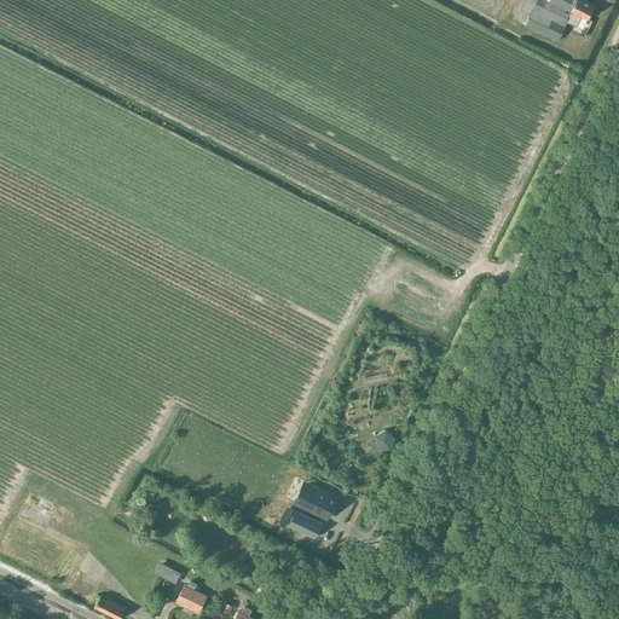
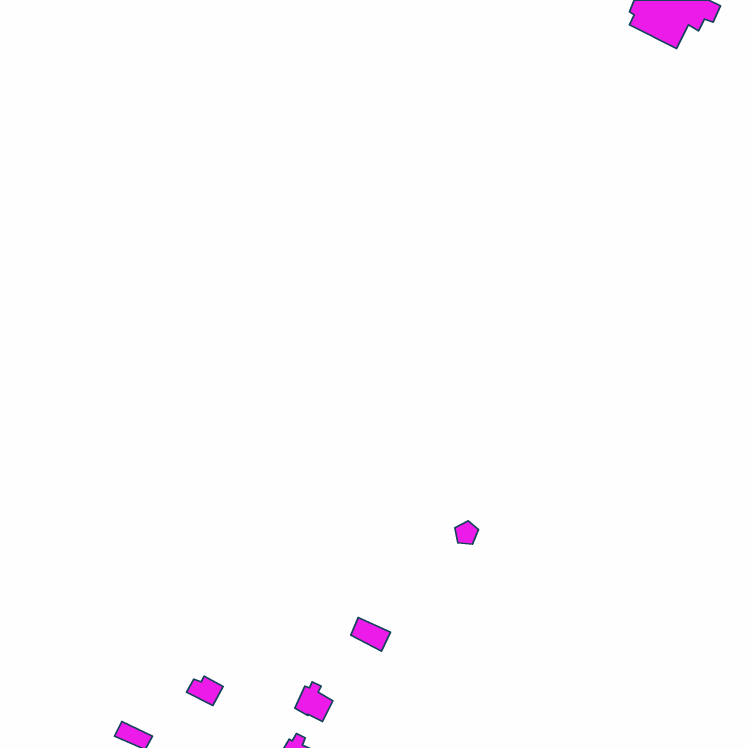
building: [297,482,339,520] -> none
building: [175,580,207,613] -> [295,682,333,721]

